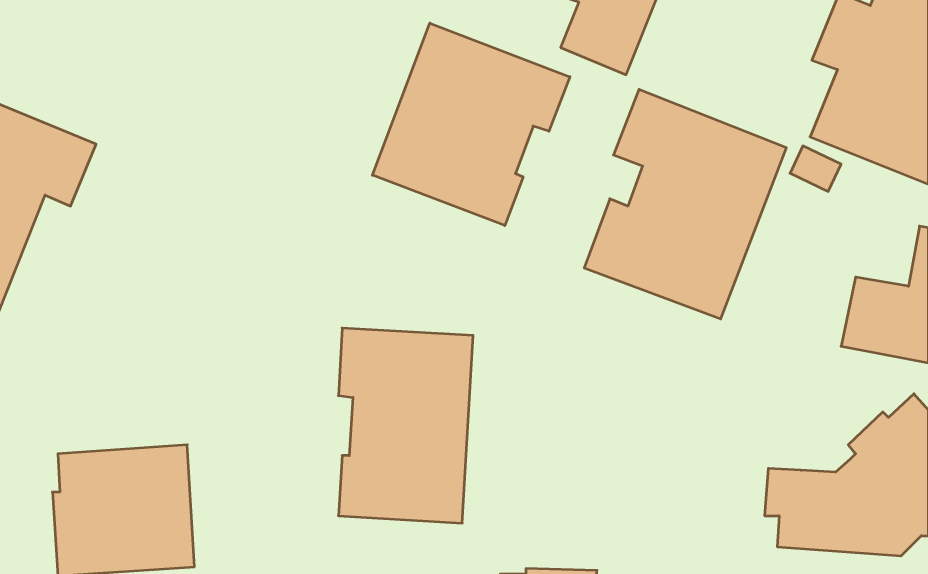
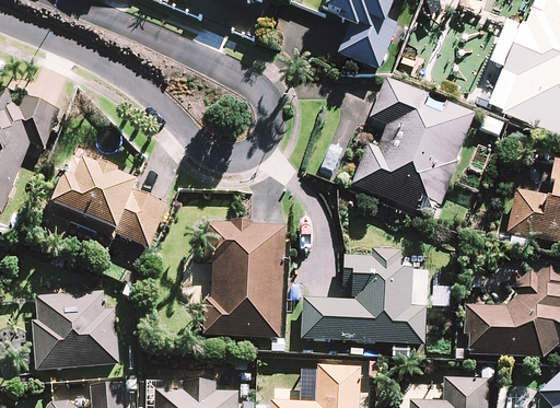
building: [372,23,570,226] -> none
building: none -> [51,155,166,247]
building: none -> [301,249,424,343]

